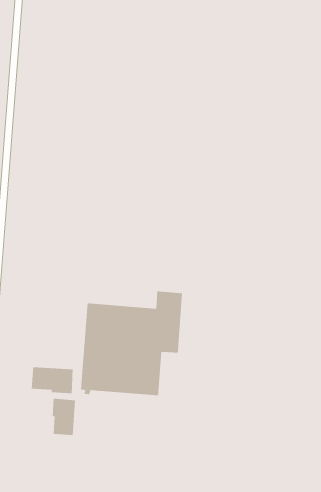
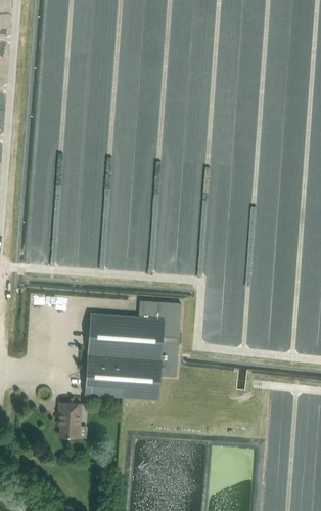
building: [31,366,73,394] -> none

